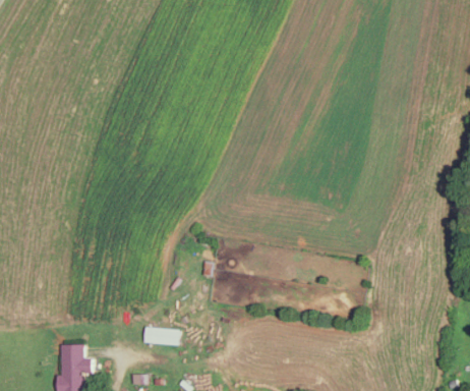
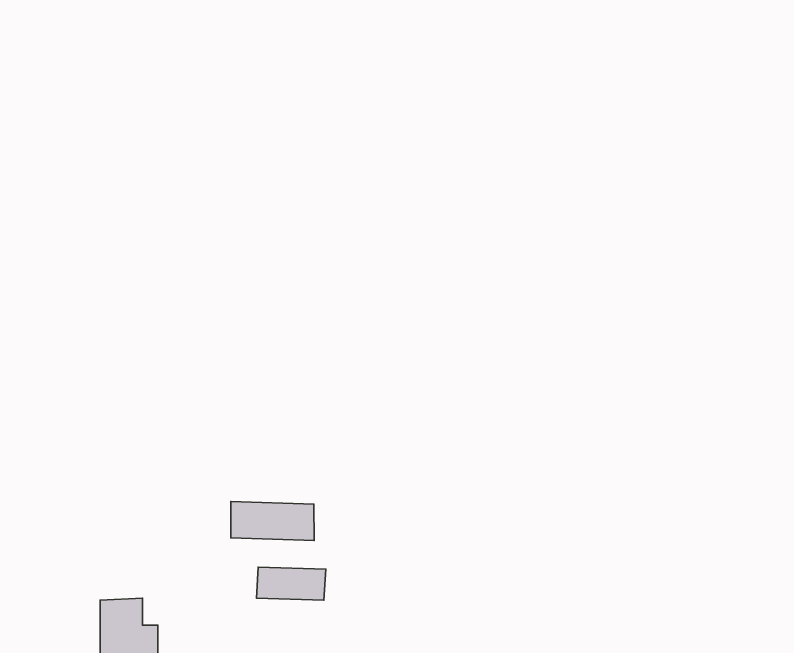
building: none -> [231,502,314,540]

